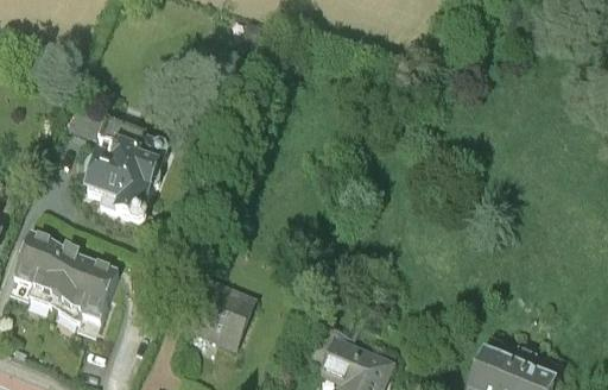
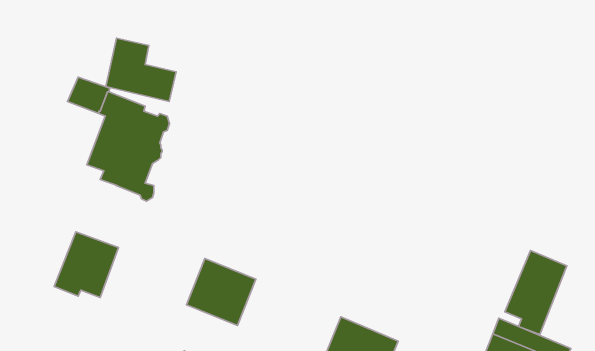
building: none -> [106,38,176,102]
building: [14,237,76,307] -> none
building: none -> [505,251,567,334]

